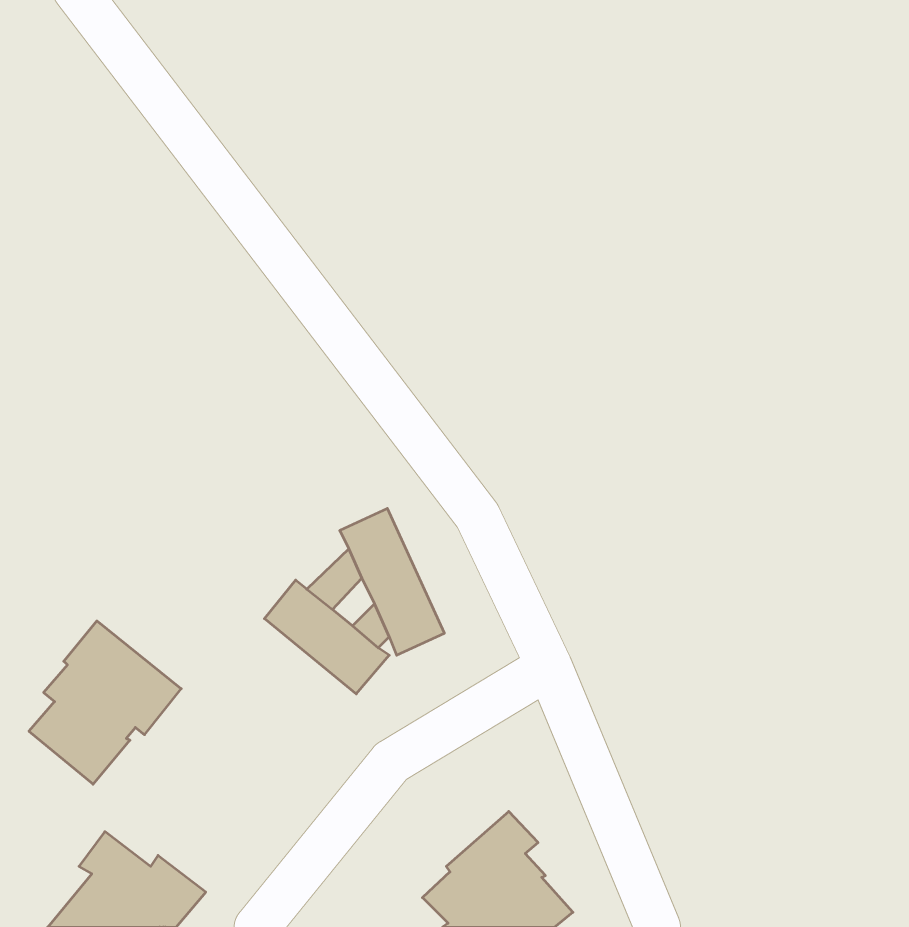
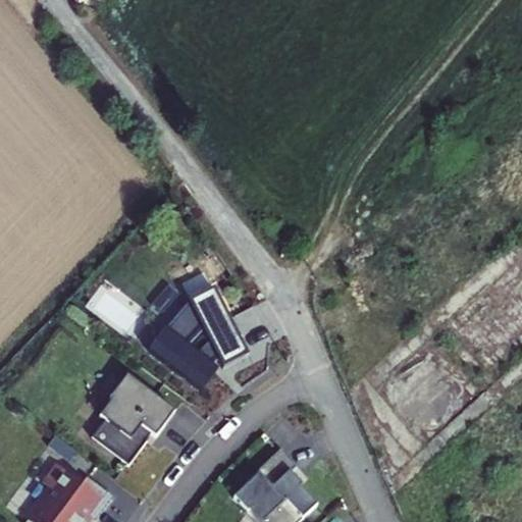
building: [29,621,181,784] -> [94,372,178,463]

